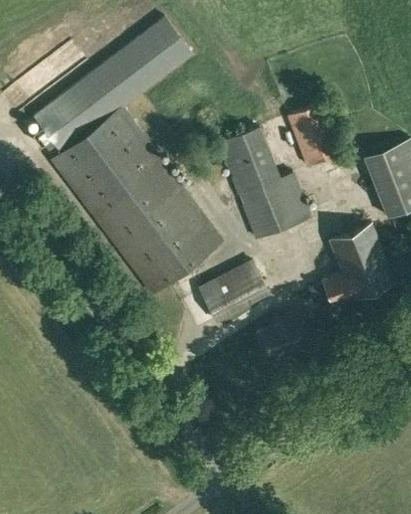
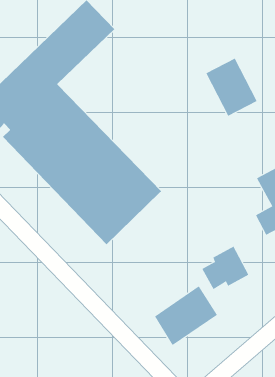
building: [218,128,312,240] -> none
building: [199,261,270,324] -> [154,286,218,346]

